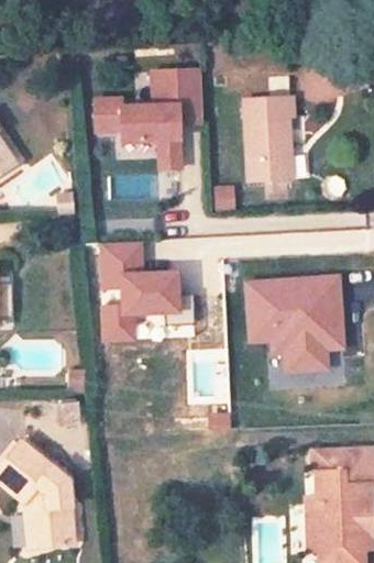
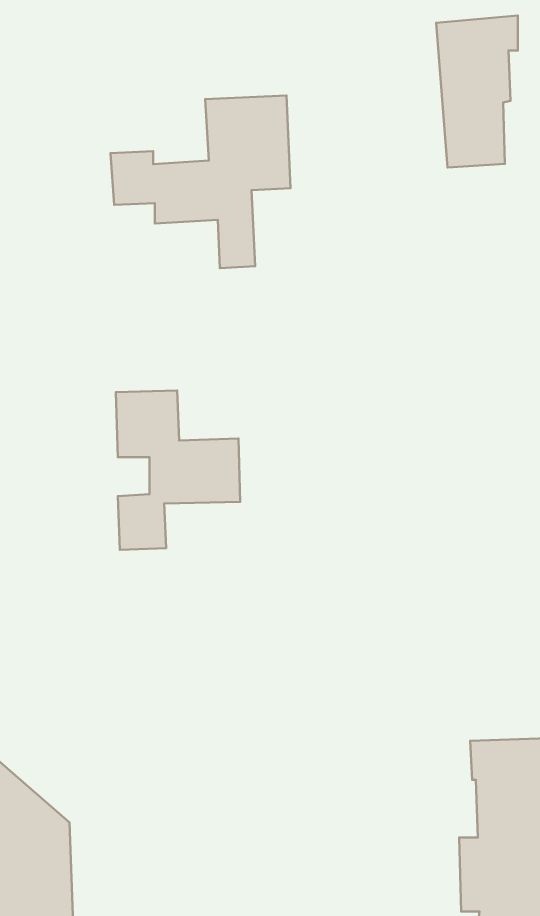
building: [243,96,292,186] -> [436,15,518,167]
building: [245,275,343,367] -> none

